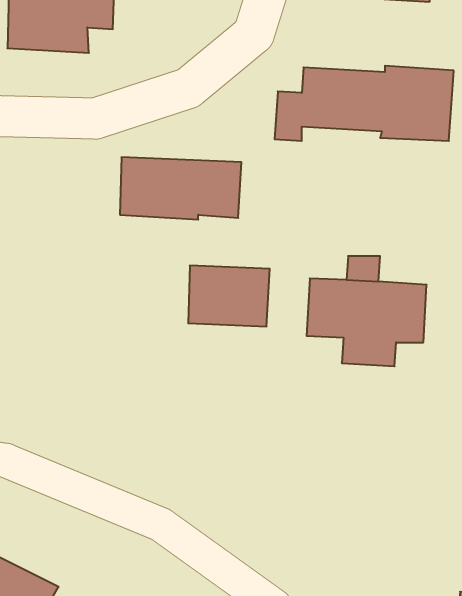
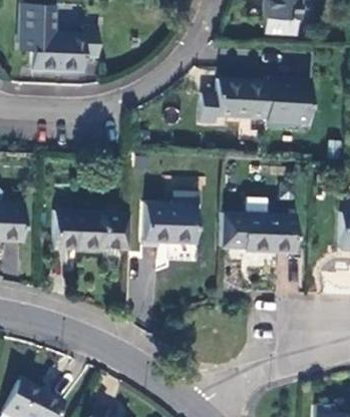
building: [120,157,241,220] -> [55,210,131,249]

